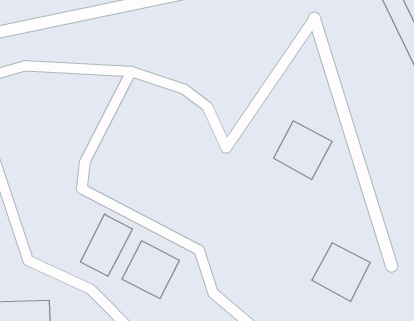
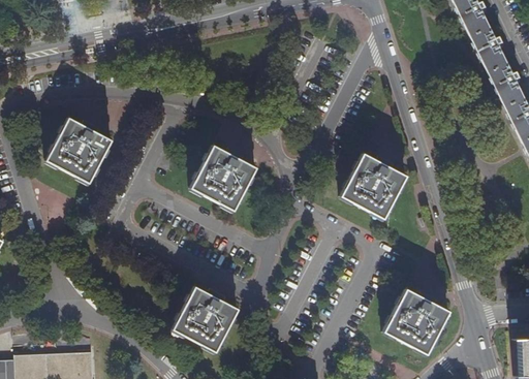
building: none -> [46,119,111,184]
building: none -> [191,147,255,211]
building: [80,214,133,276] -> none

